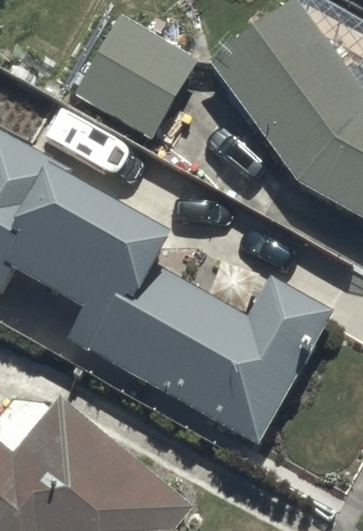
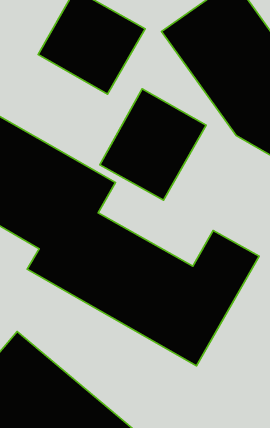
building: none -> [100,89,206,200]

